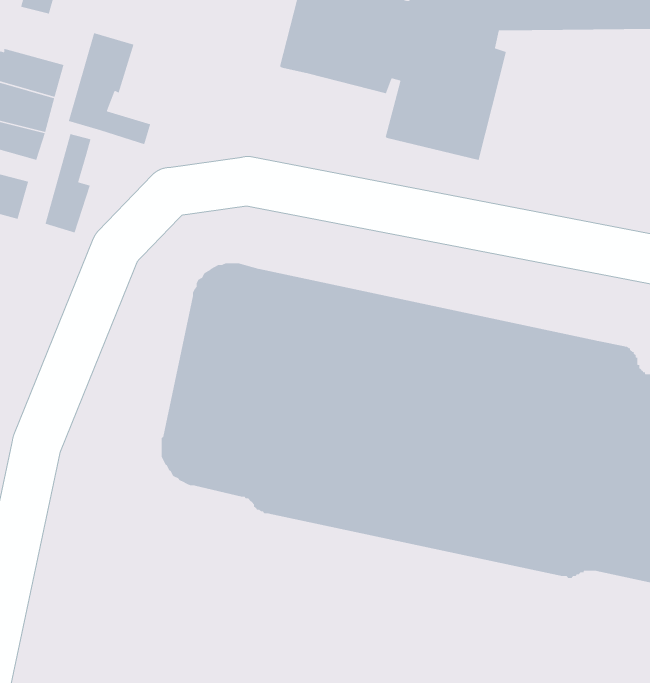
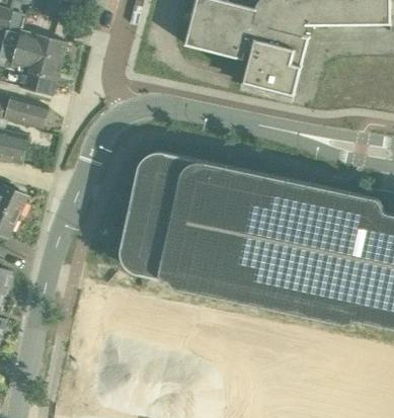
building: [68,32,151,145] -> none
building: [44,133,91,233] -> none

